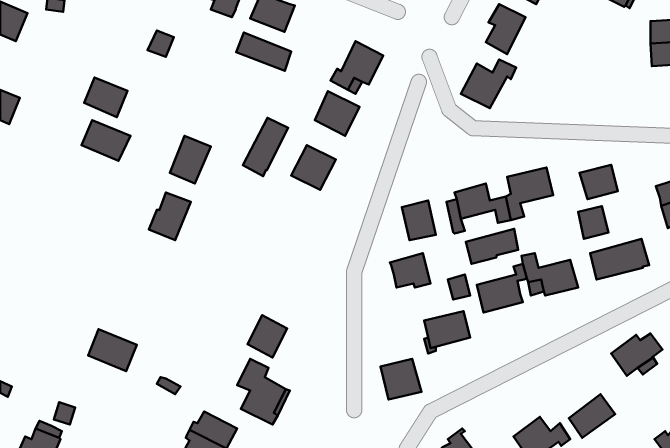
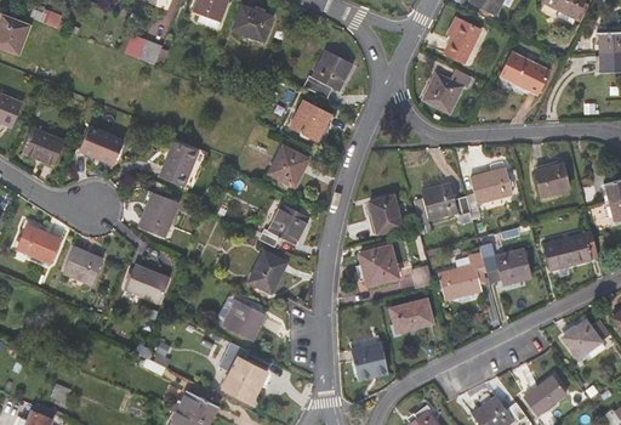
building: [236,33,291,71] -> none
building: none -> [502,50,552,92]
building: [84,78,128,117] -> [19,125,59,162]
building: [243,118,288,176] -> none
building: [578,206,609,239] -> none
building: none -> [252,204,309,248]
building: [466,229,518,264] -> none
building: none -> [12,225,55,261]
building: none -> [58,246,97,282]
building: none -> [249,250,284,293]
building: [88,329,137,371] -> [120,262,165,301]

